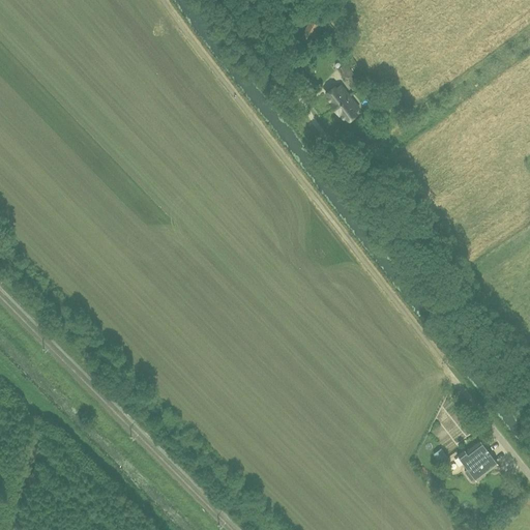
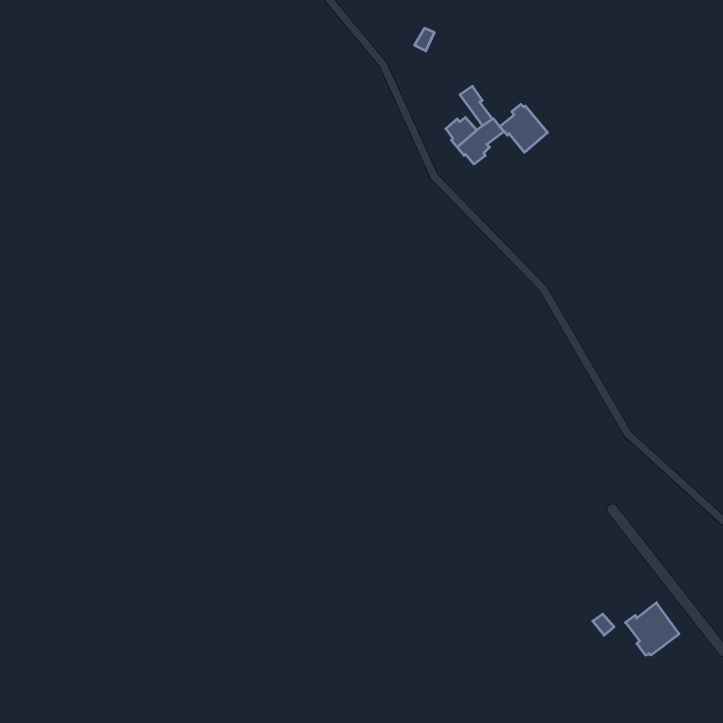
building: none -> [500,104,548,152]

